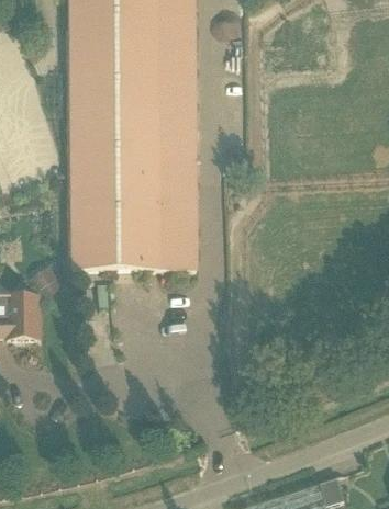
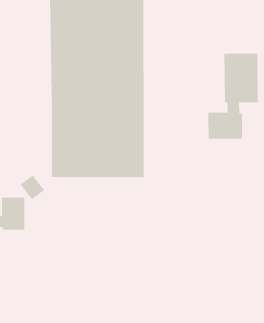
building: none -> [207,53,258,140]

